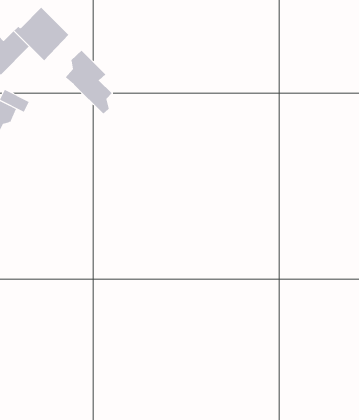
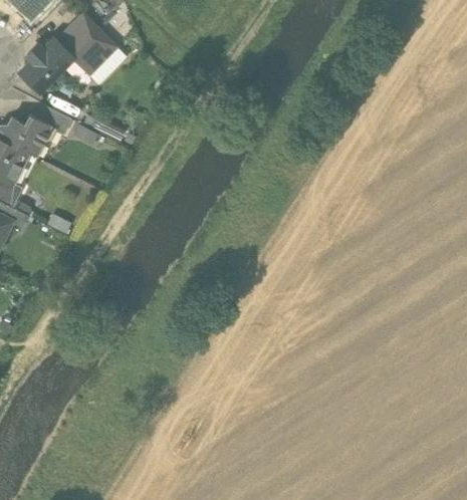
building: [65,50,112,115] -> none

